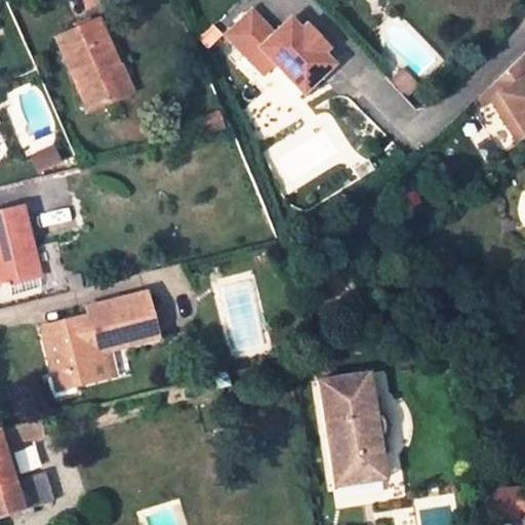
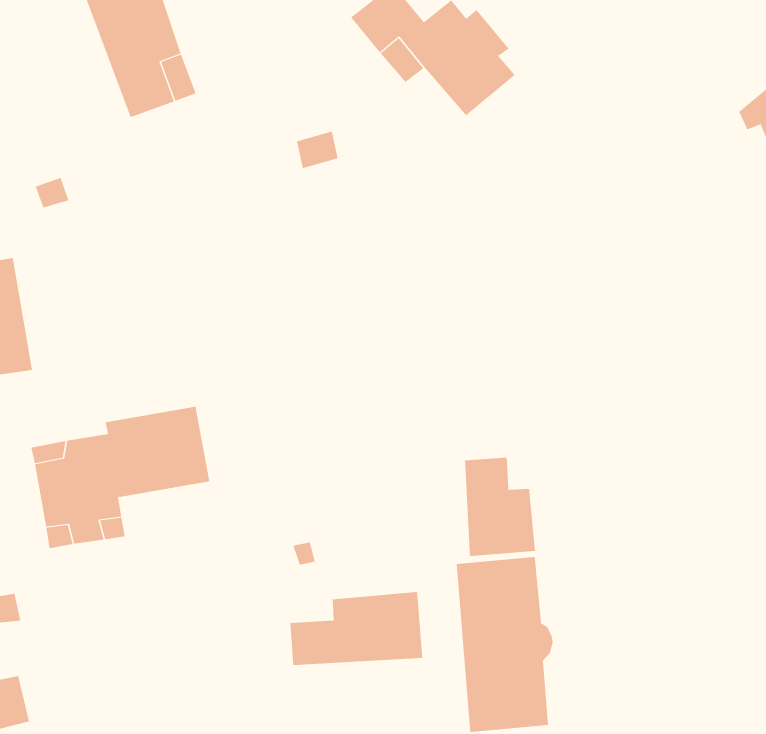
building: none -> [464,457,535,557]
building: none -> [290,591,423,666]

